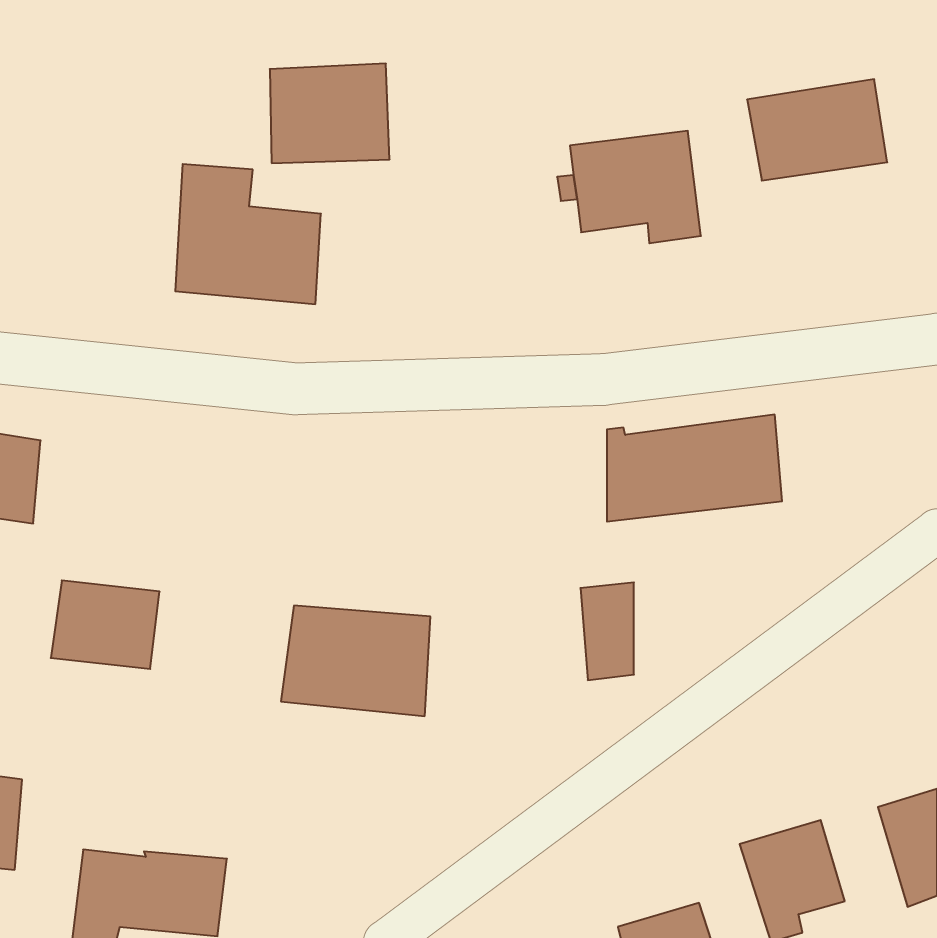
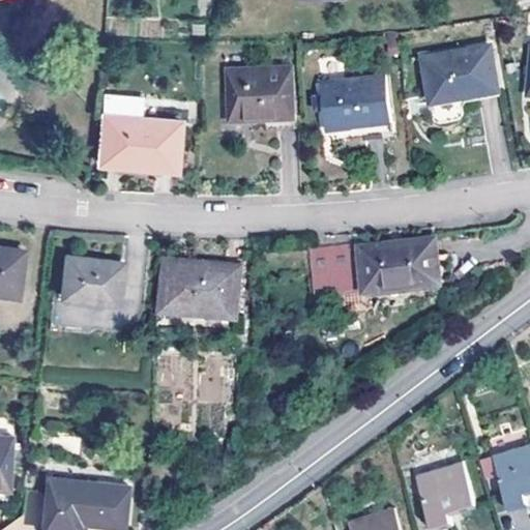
building: [270,64,390,163] -> [225,66,292,122]
building: [51,580,160,669] -> [60,256,121,305]
building: [580,582,634,680] -> [311,243,341,298]
building: [281,606,430,716] -> [156,259,240,321]

